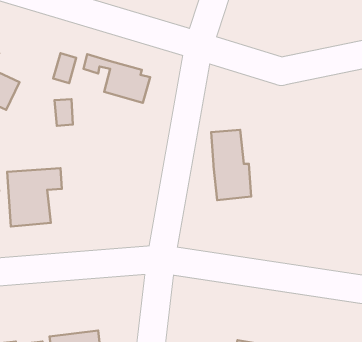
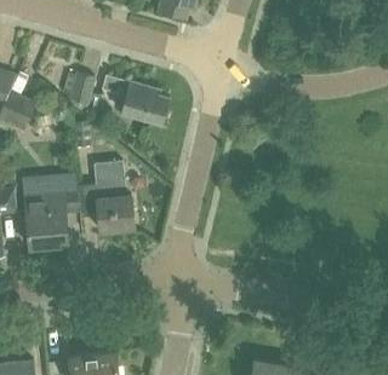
building: [211,130,251,200] -> [93,161,133,231]

